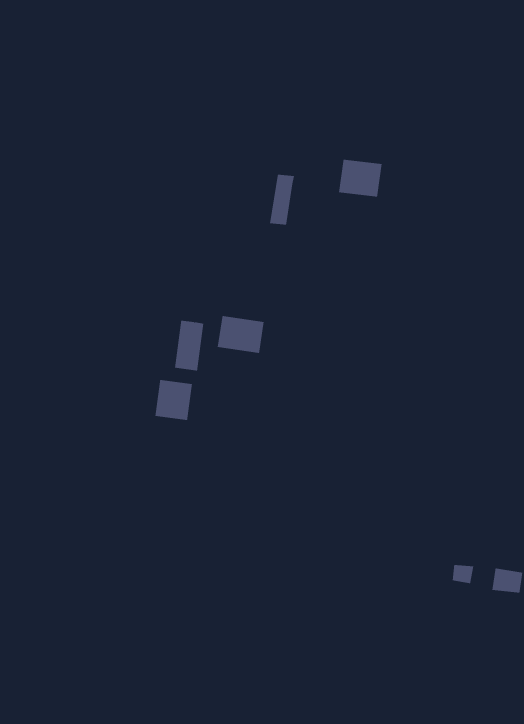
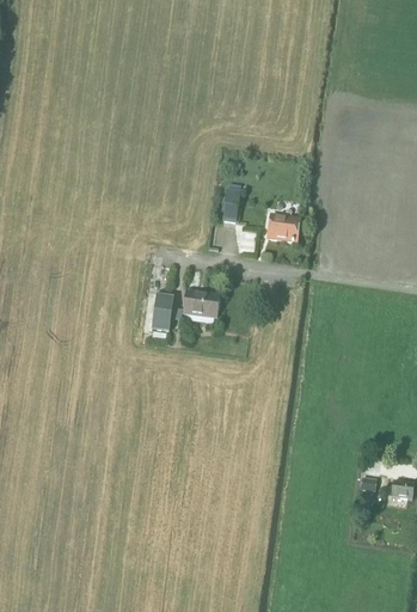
building: [338,159,382,197] -> [266,213,300,241]
building: [155,379,192,421] -> none

